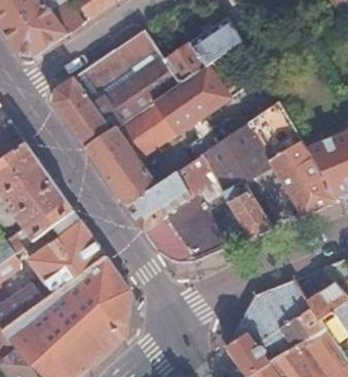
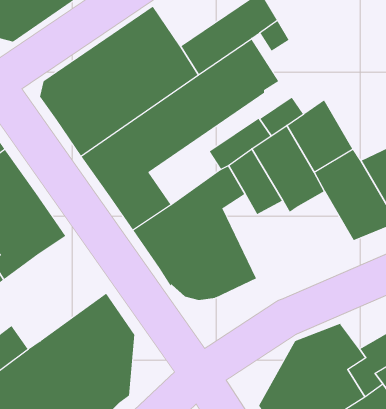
building: [225,183,271,237] -> none
building: [28,211,106,294] -> none

